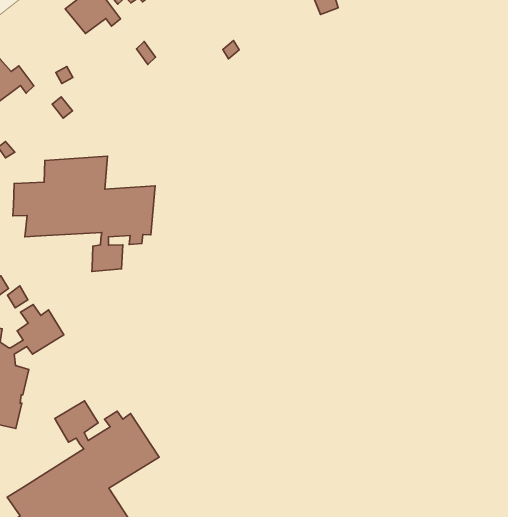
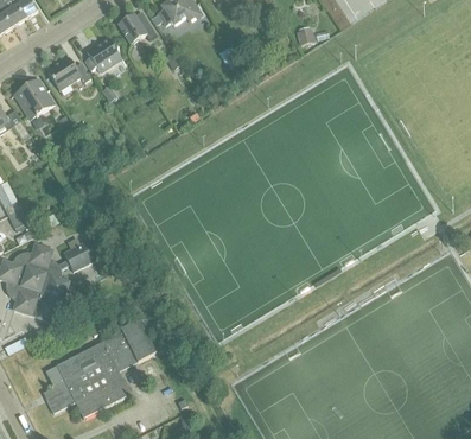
building: none -> [84,37,121,71]
building: [13,156,155,271] -> none

